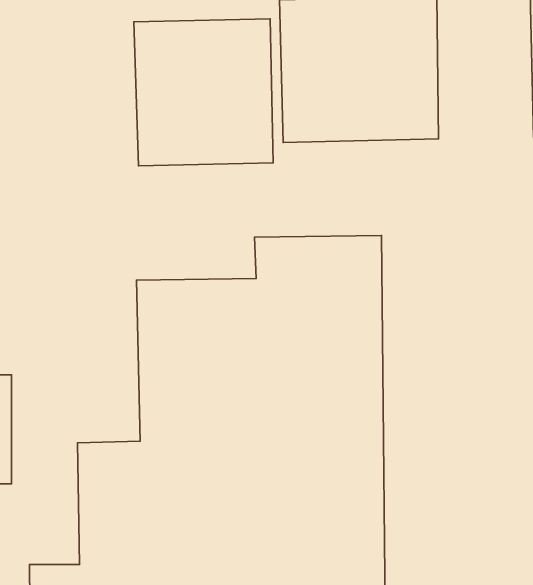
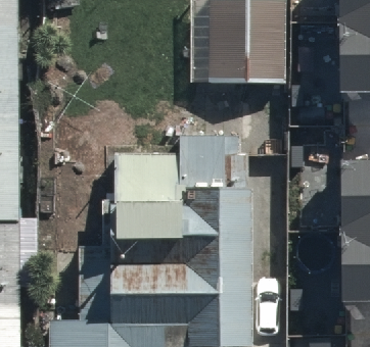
building: [134,19,273,166] -> none

